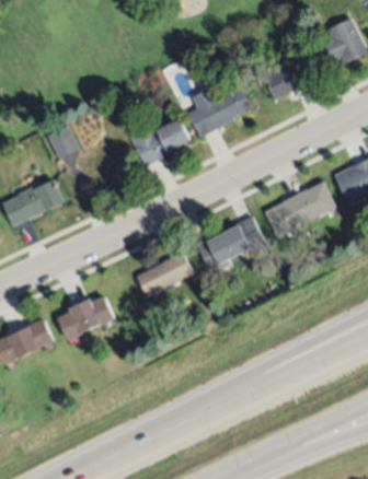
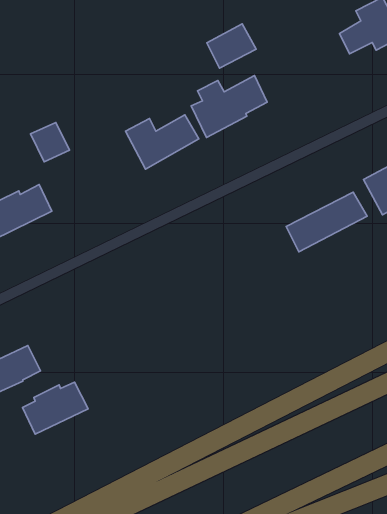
building: [265,61,308,100] -> [207,24,256,68]
building: [196,217,266,272] -> none
building: [137,253,193,297] -> none
building: [58,296,115,341] -> [22,382,88,434]

